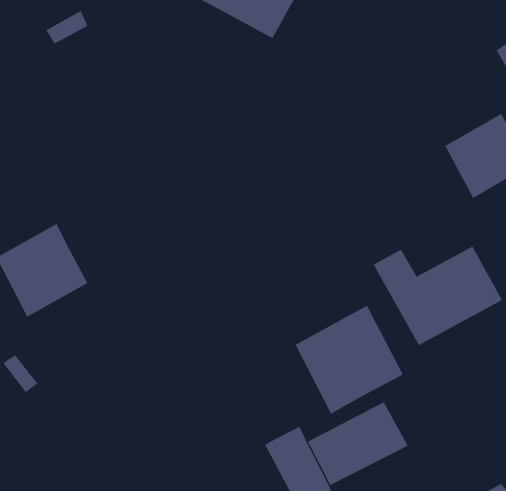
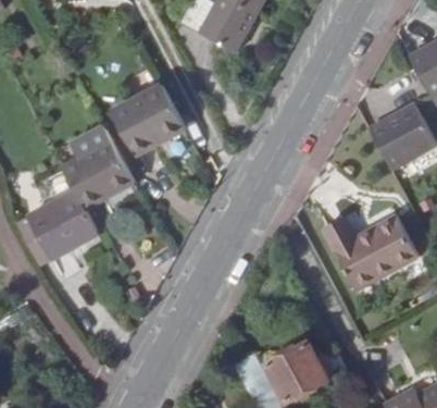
building: none -> [113,91,187,162]
building: none -> [63,127,137,212]
building: [295,305,404,415] -> none

